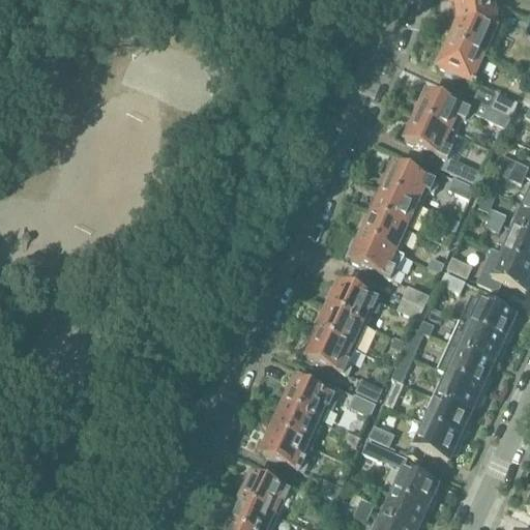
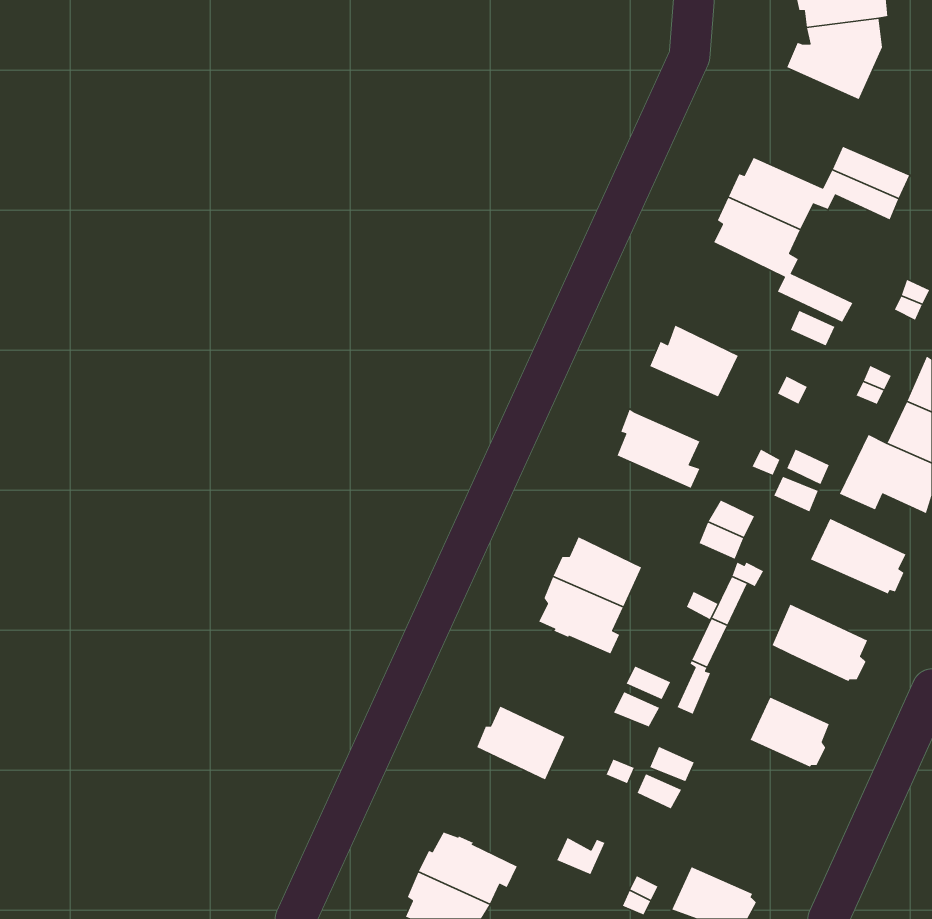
building: [438,38,488,83] -> none
building: [380,160,437,202] -> none
building: [360,208,408,251] -> none
building: [326,279,381,322] -> none
building: [448,318,506,363] -> none
building: [437,372,484,411] -> none
building: [283,377,336,418] -> none
building: [407,420,462,461] -> none
building: [261,424,310,470] -> none
building: [392,467,438,507] -> none

